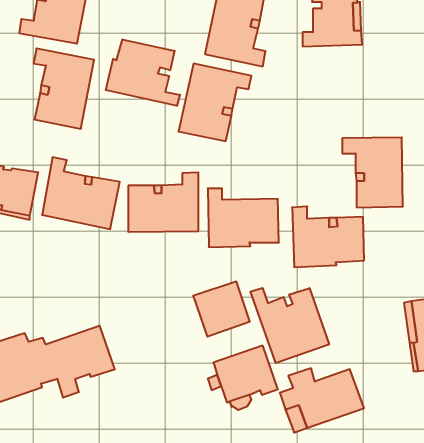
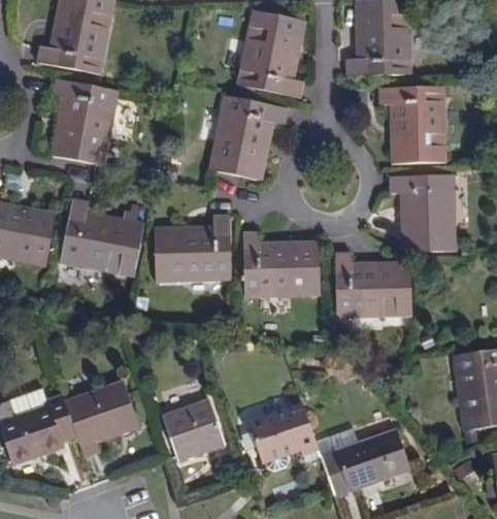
building: [106,39,180,106] -> none
building: none -> [377,87,444,164]
building: [193,282,250,337] -> [162,400,224,460]
building: [250,288,329,363] -> none

